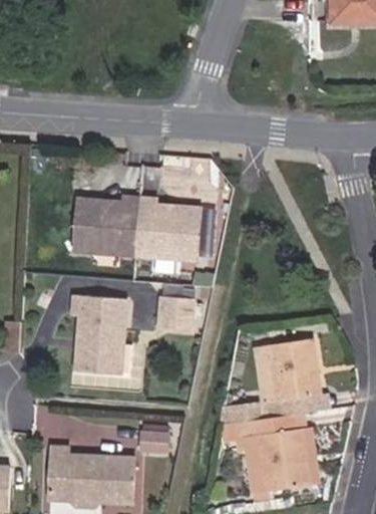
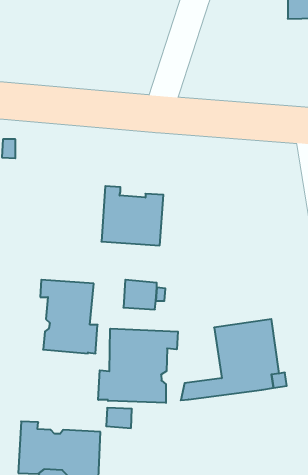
building: [73,196,139,278] -> none
building: none -> [98,329,178,403]
building: [227,412,320,493] -> none

